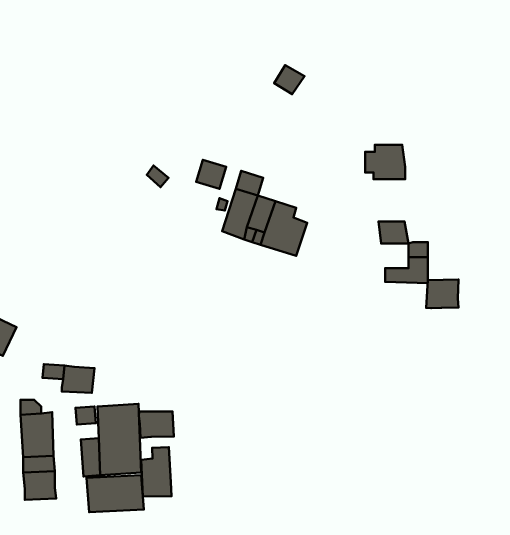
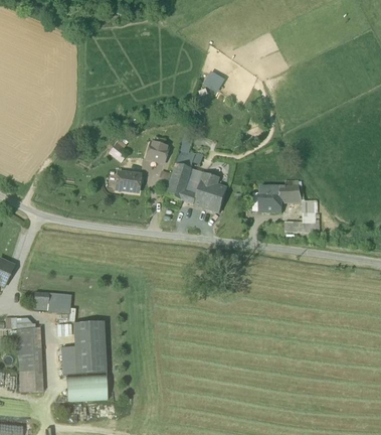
building: [365,145,405,179] -> [252,186,281,211]
building: none -> [116,171,140,191]
building: [426,280,458,308] -> none
building: [139,412,174,438] -> none
building: [141,447,172,497] -> none

